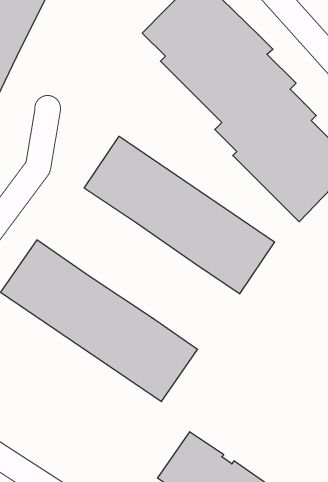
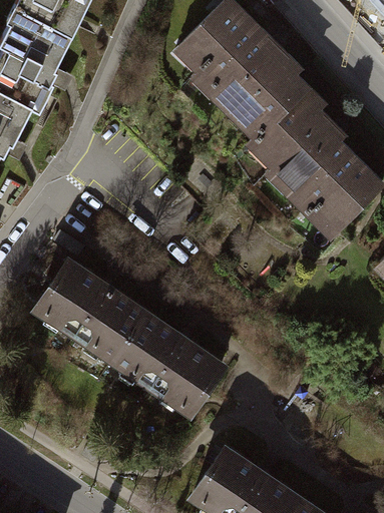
building: [84,136,275,294] -> none

